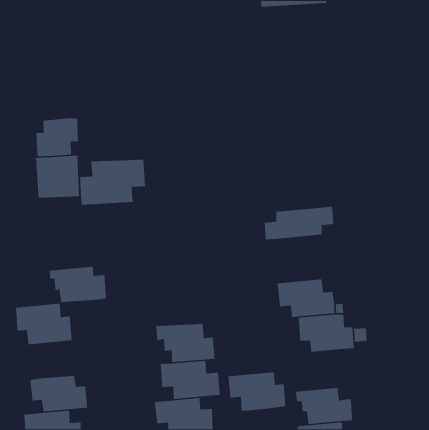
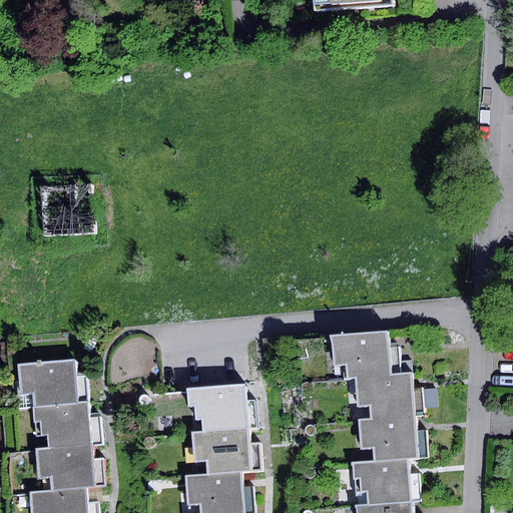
building: [36,118,79,157] -> none
building: [79,159,146,206] -> none
building: [264,206,334,240] -> none
building: [49,266,107,303] -> [33,406,102,450]
building: [227,372,286,412] -> [358,416,428,464]

